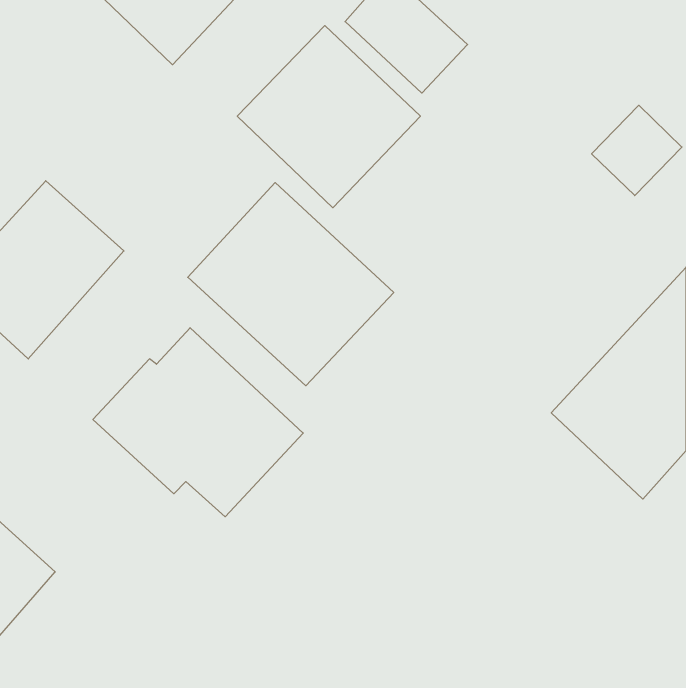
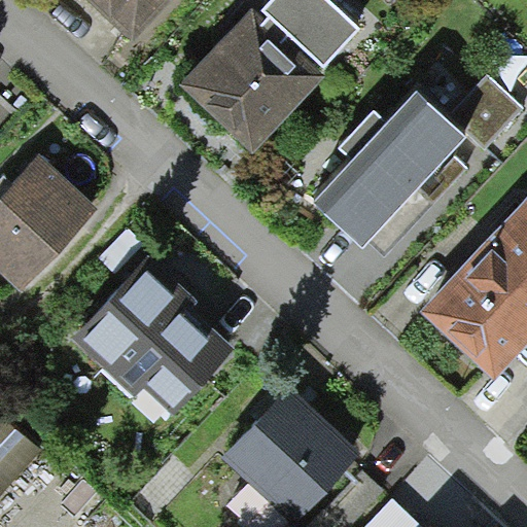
building: none -> [315,101,462,251]
building: [188,183,394,386] -> none
building: none -> [220,377,352,508]

